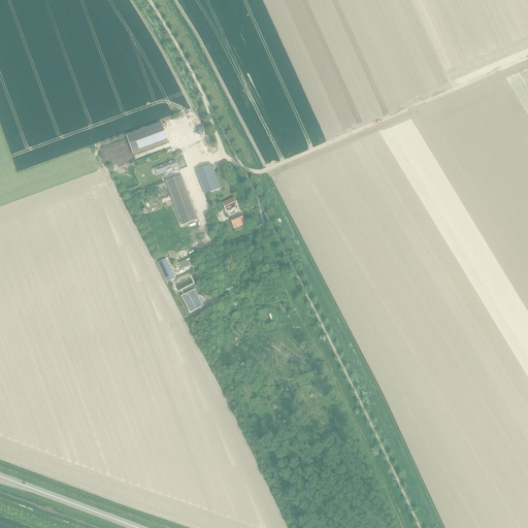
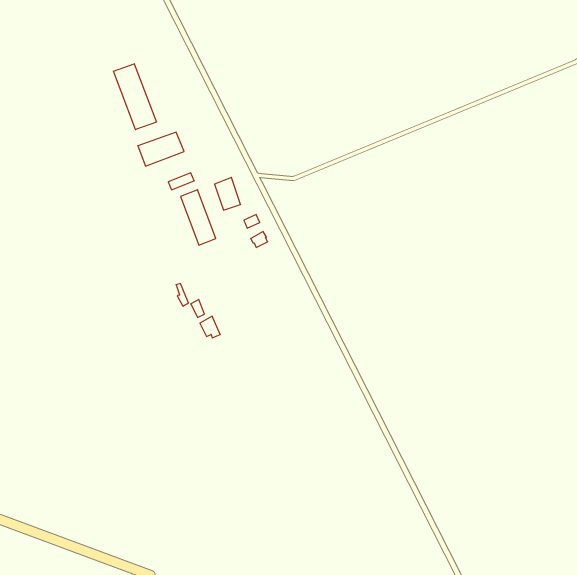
building: none -> [113,64,157,130]

